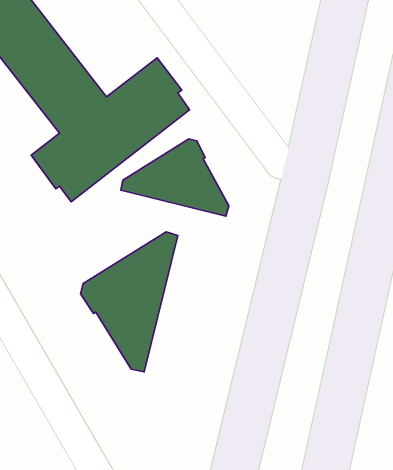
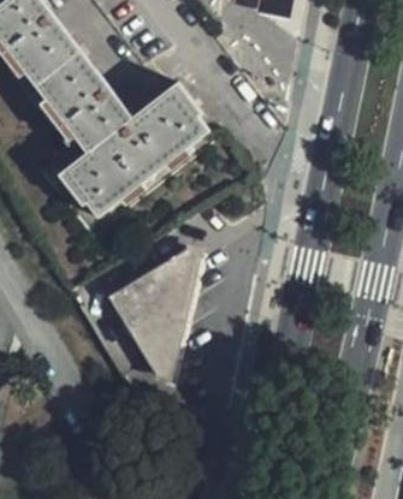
building: [121,139,229,216] -> none

